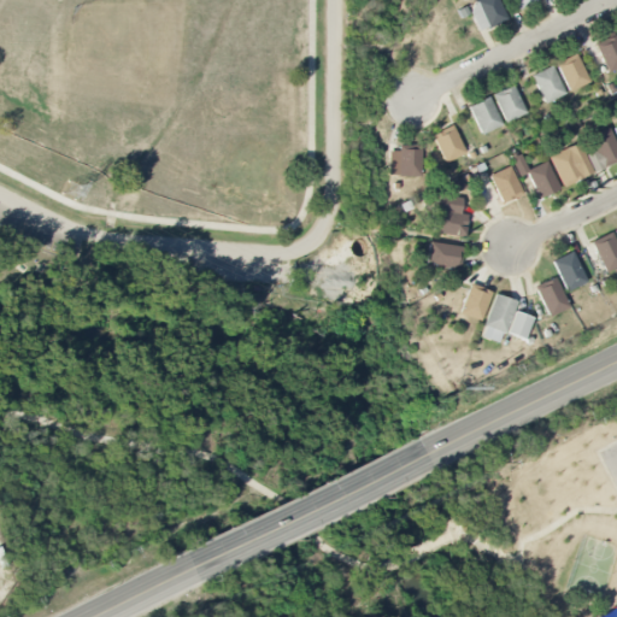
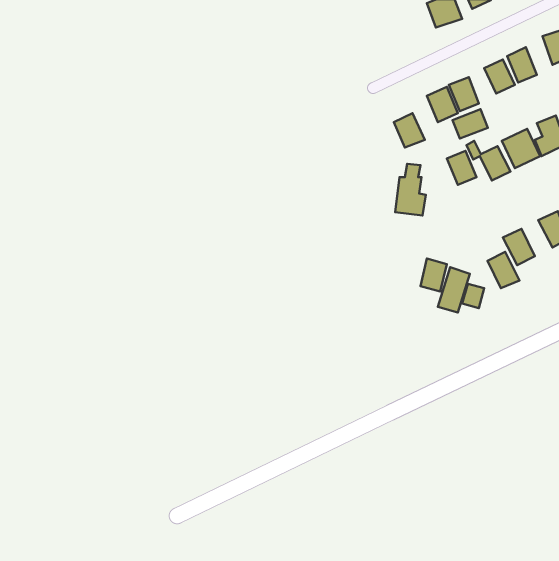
building: none -> [452,109,488,139]
building: [390,143,424,176] -> none
building: [429,241,465,269] -> none

